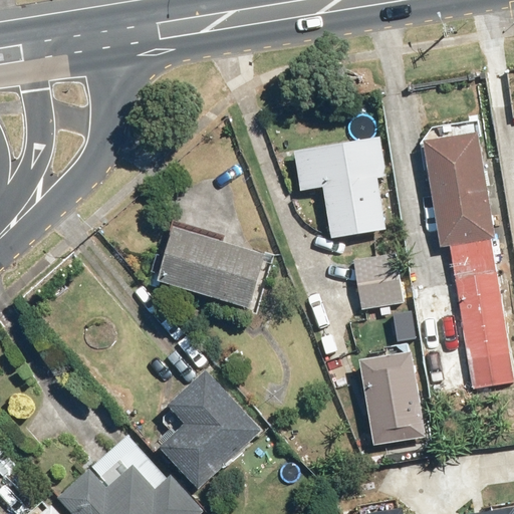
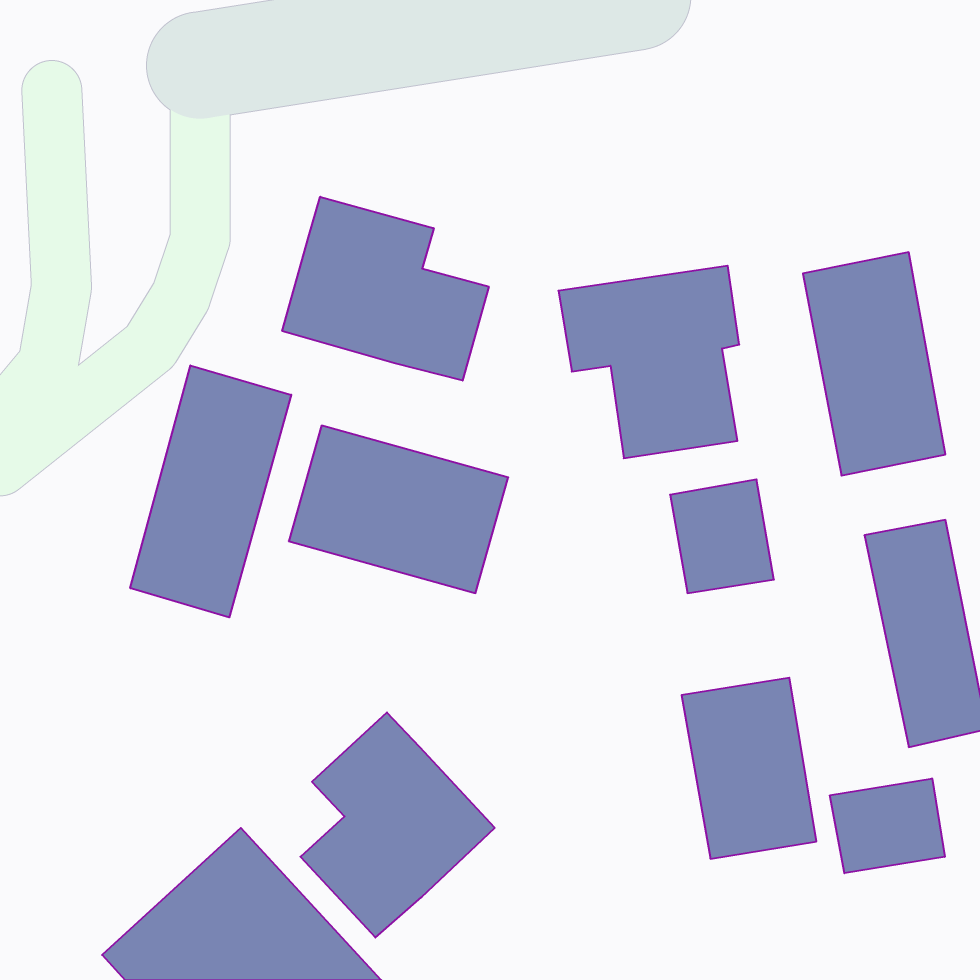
building: none -> [282,197,489,381]
building: none -> [130,365,291,617]
building: none -> [830,778,945,873]

